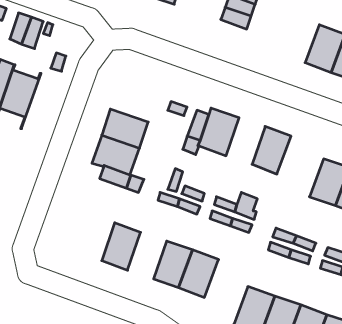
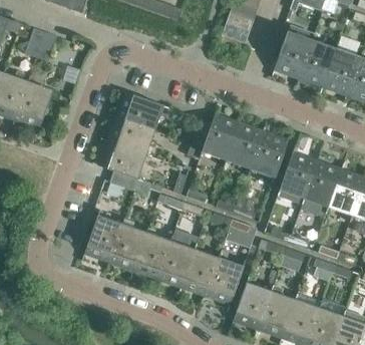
building: none -> [276,32,313,75]
building: none -> [119,94,162,130]
building: none -> [227,126,263,169]
building: none -> [279,155,317,200]
building: none -> [85,215,123,259]
building: none -> [135,233,171,276]
building: none -> [207,258,244,301]

